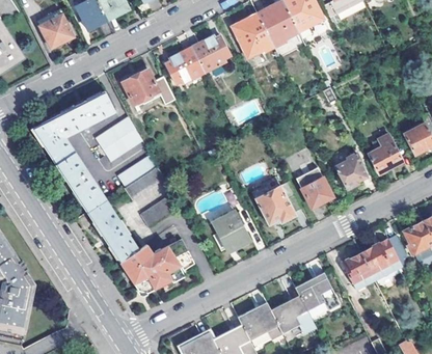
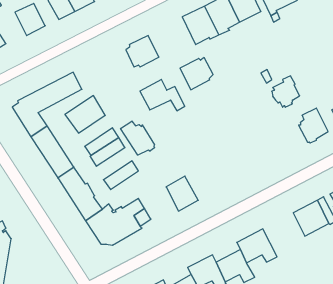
building: [192,35,231,73] -> [180,58,213,90]
building: [123,69,174,105] -> [140,79,185,111]
building: none -> [121,121,155,155]
building: [334,153,367,189] -> [272,76,300,107]
building: [296,167,332,208] -> none
building: [255,181,302,223] -> none
building: [342,253,374,291] -> none

